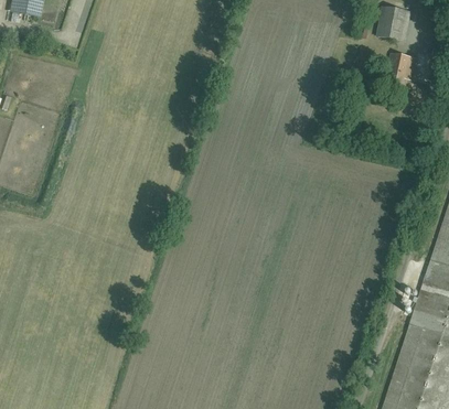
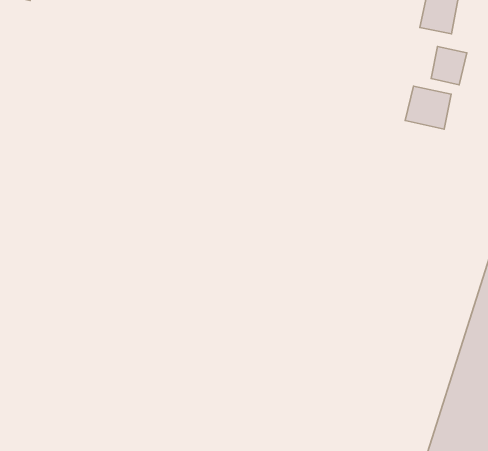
building: none -> [405,86,451,129]

